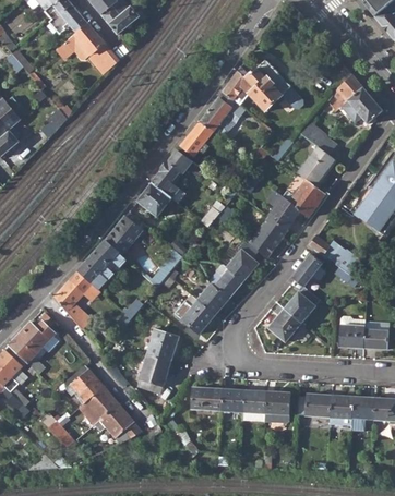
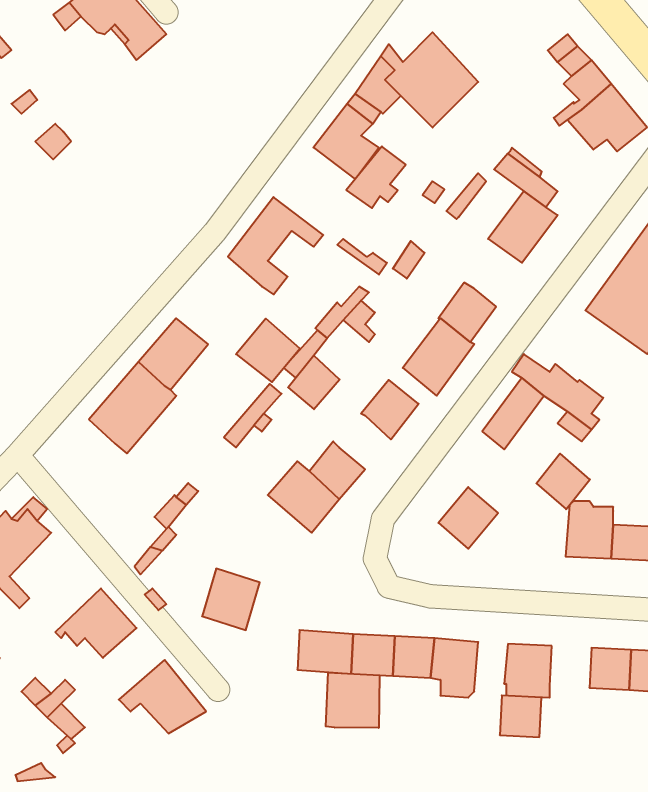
building: [180,122,213,156] -> [346,146,406,208]
building: [288,178,325,217] -> none
building: [136,182,171,217] -> [236,319,300,382]
building: [214,269,242,299] -> [288,356,340,409]
building: [53,271,91,329] -> none
building: [285,292,314,323] -> [536,454,590,509]
building: [146,329,178,361] -> none
building: [77,386,118,425] -> none
building: [330,396,352,419] -> [500,695,541,737]
building: none -> [326,673,380,728]

